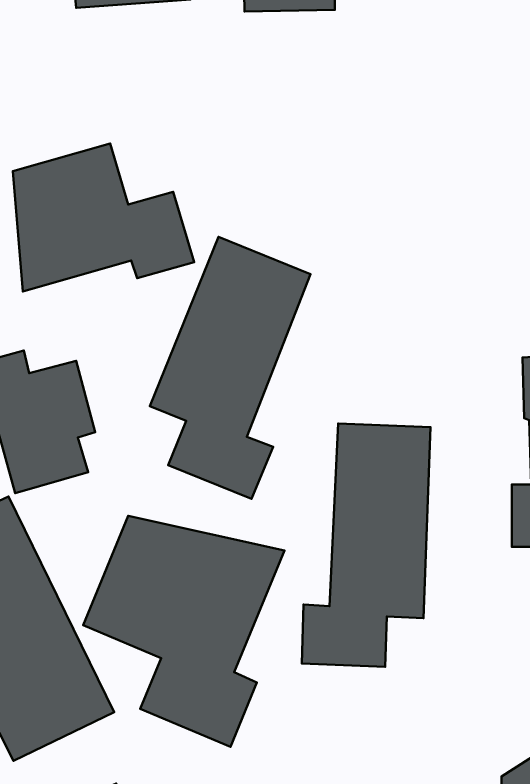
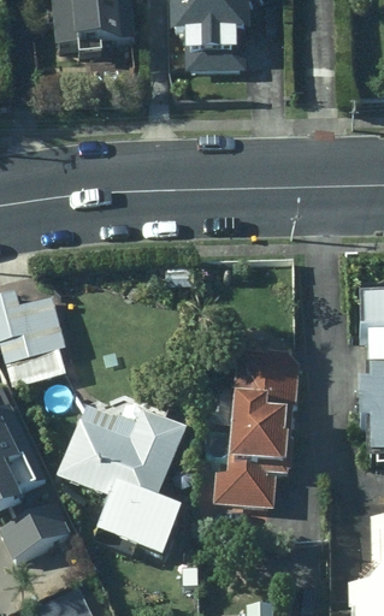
building: [13,143,194,292] -> none
building: [150,237,311,499] -> none

